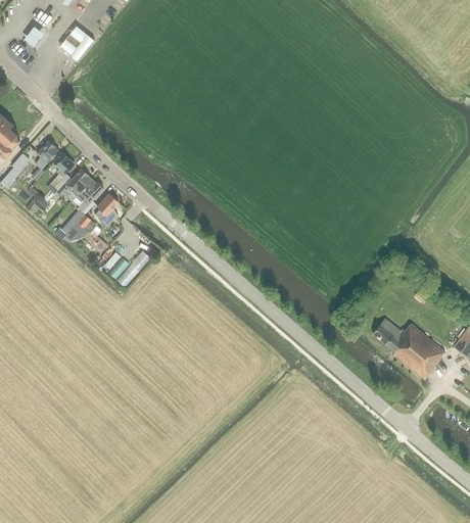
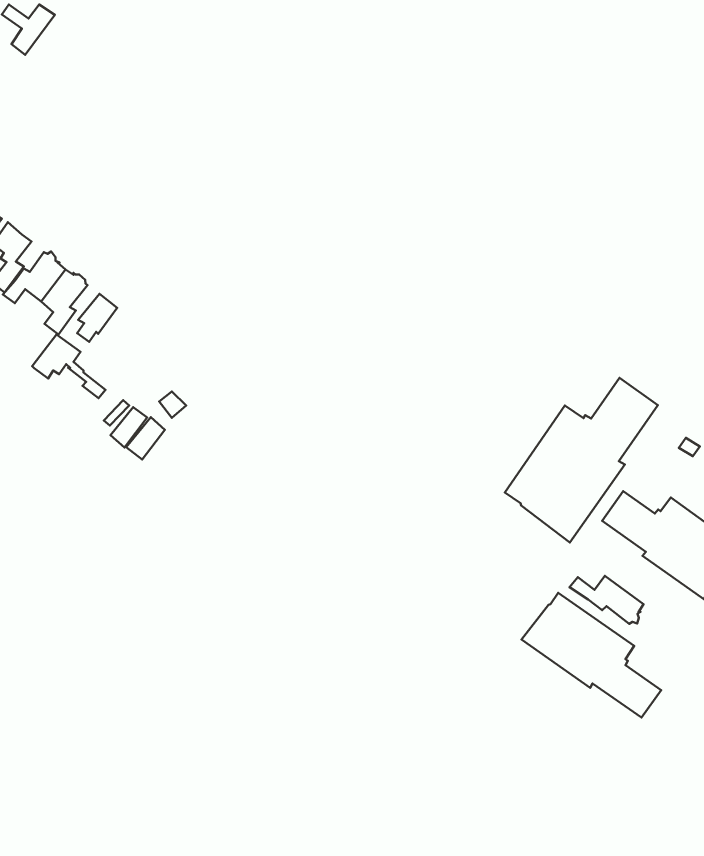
building: none -> [505,378,658,542]
building: none -> [570,576,643,624]
building: none -> [522,593,661,718]

